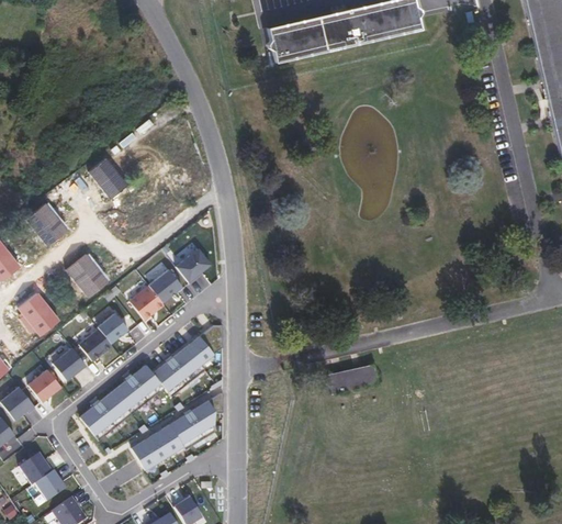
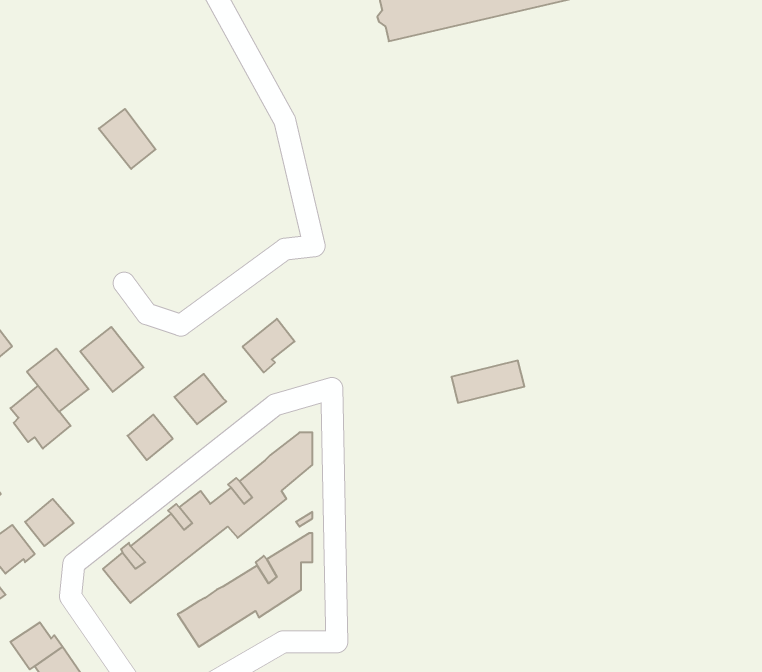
building: [89,157,127,198] -> [99,109,156,169]
building: [26,202,68,245] -> [27,349,89,412]
building: [148,268,182,301] -> none
building: [79,327,113,360] -> none
building: [54,347,86,380] -> none
building: [328,364,378,392] -> [451,361,524,403]

